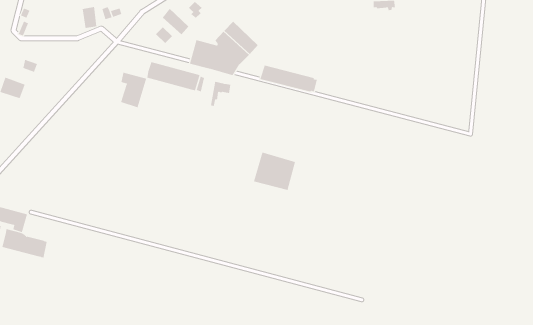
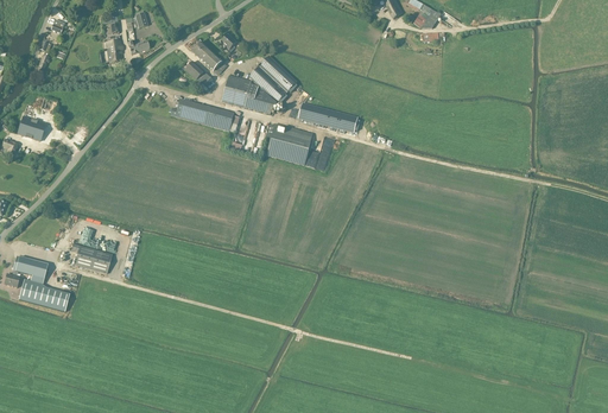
building: [120,72,147,108] -> none
building: [253,152,296,190] -> [265,122,311,164]
building: none -> [70,243,110,273]

